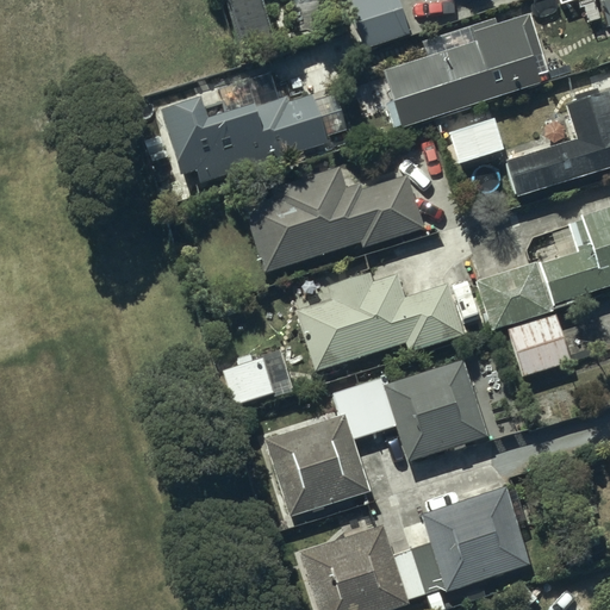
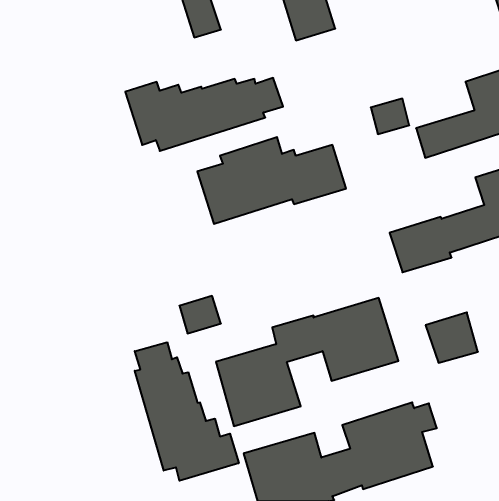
building: [382,15,541,126] -> none
building: [298,270,465,369] -> none
building: [509,313,572,374] -> [426,312,478,363]
building: none -> [135,342,239,481]

